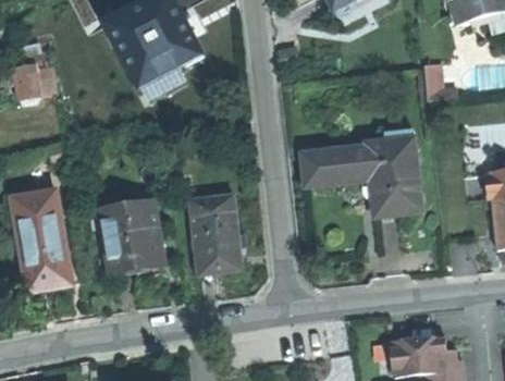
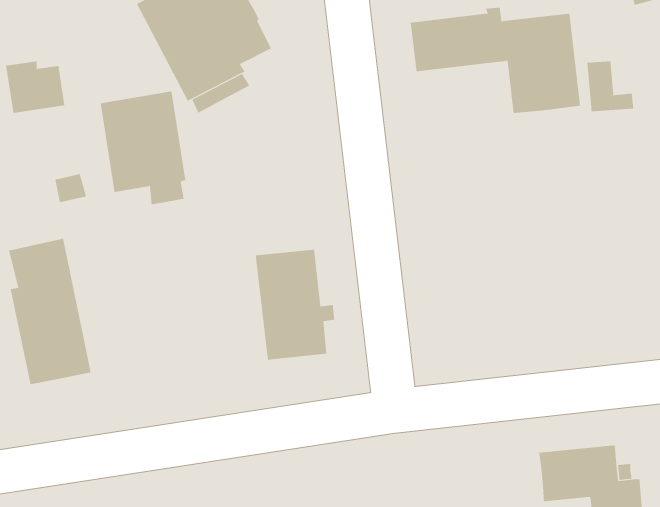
building: [299,143,420,218] -> [410,7,581,113]
building: [99,199,160,280] -> [100,91,186,205]

